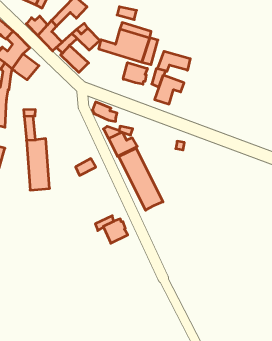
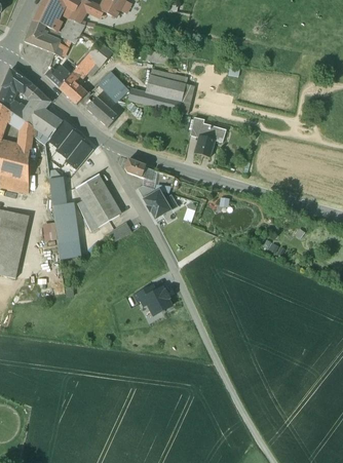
building: [157,51,190,71] -> none
building: [123,63,147,84] -> none
building: none -> [49,120,93,168]
building: none -> [76,173,122,227]
building: [119,148,163,210] -> none

